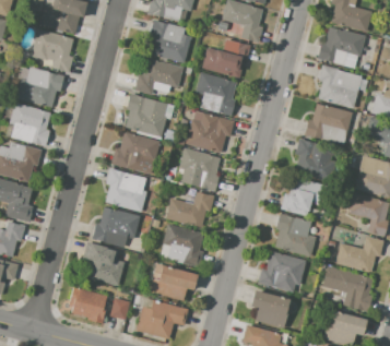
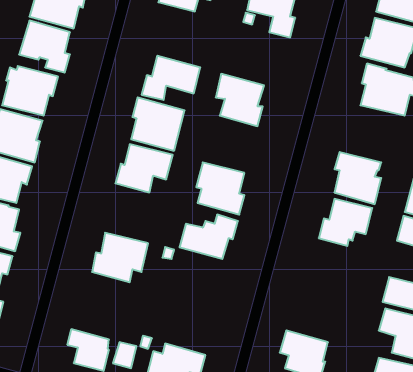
building: [146,20,192,63] -> none
building: [202,39,250,76] -> none
building: [305,104,352,145] -> none
building: [185,112,234,153] -> none
building: [105,168,146,213] -> none
building: [274,213,316,256] -> none
building: [161,224,203,265] -> none
building: [82,241,123,285] -> none
building: [257,251,305,290] -> none
building: [151,264,197,300] -> none

